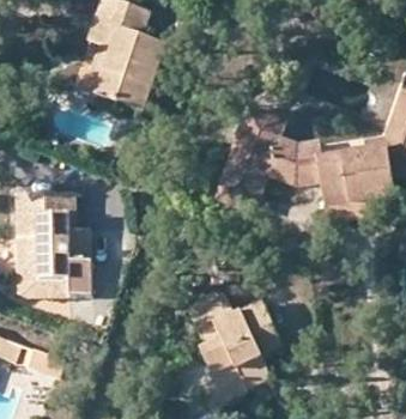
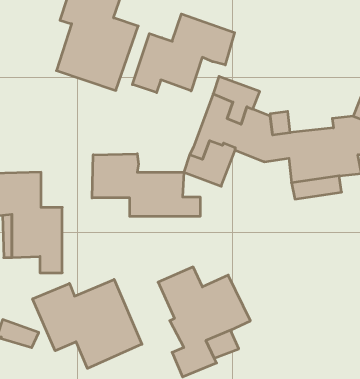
building: none -> [132,14,235,93]
building: none -> [92,154,200,216]
building: none -> [33,279,142,368]

